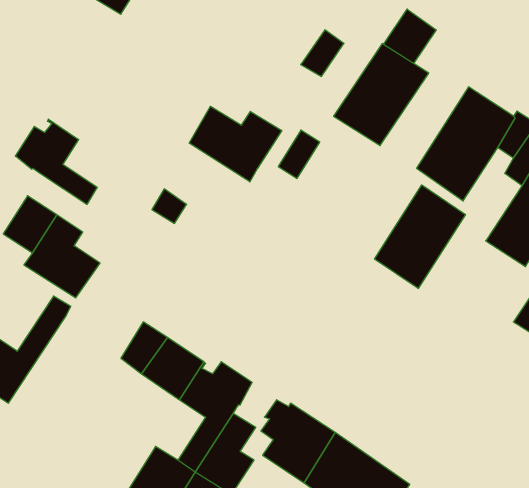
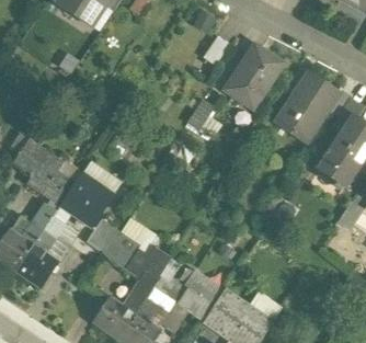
building: [384,9,436,63] -> none
building: [189,106,282,182] -> none
building: [15,119,97,204] -> none
building: [375,185,465,289] -> none
building: none -> [59,172,114,227]
building: none -> [16,216,70,287]

